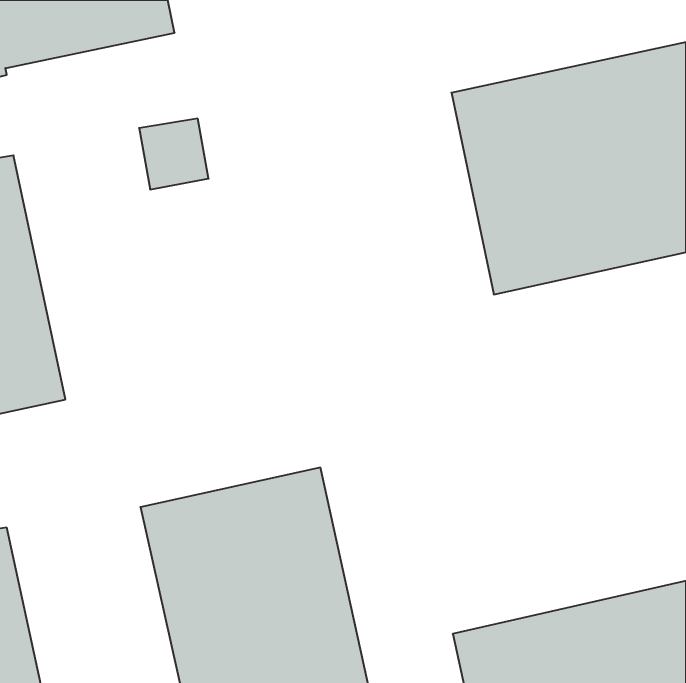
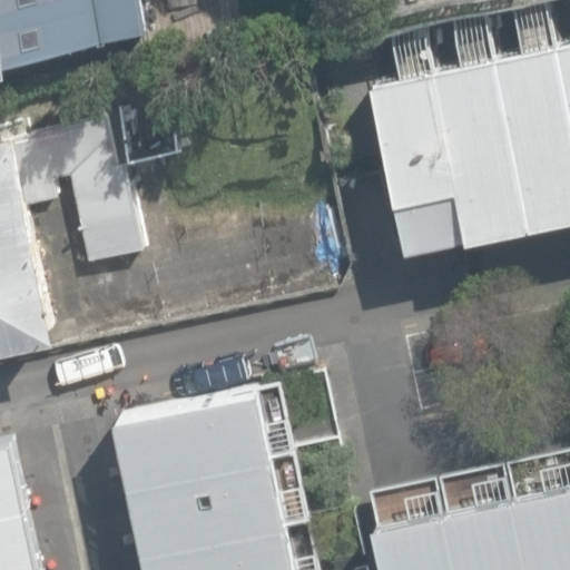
building: none -> [12,127,140,264]

